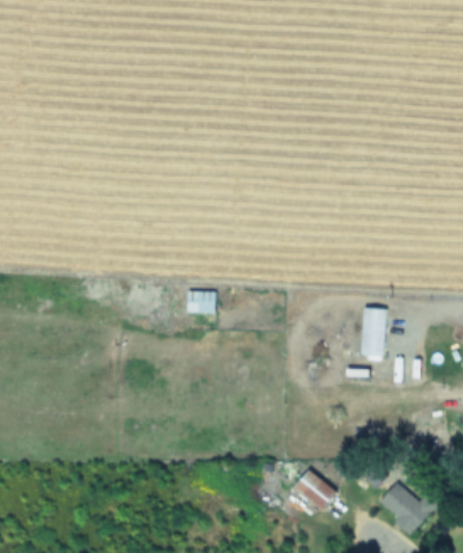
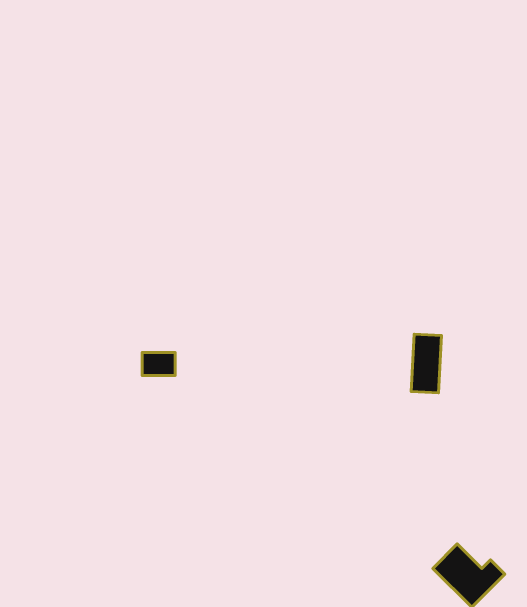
building: [187,294,215,313] -> [142,353,175,376]
building: [295,469,338,510] -> none

